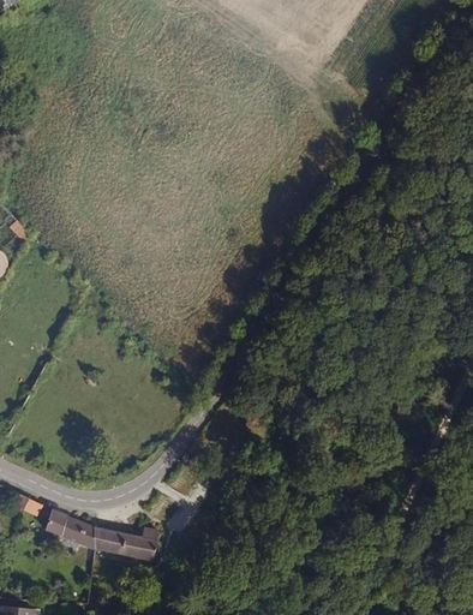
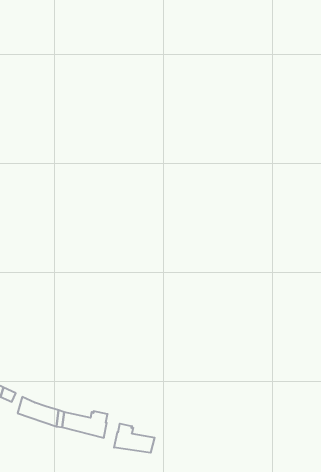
building: none -> [114,424,155,453]

